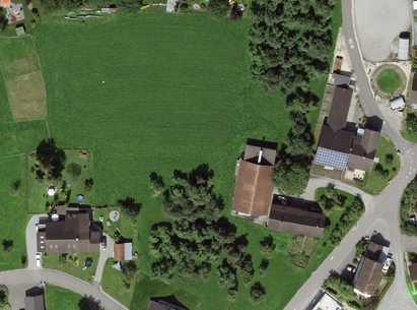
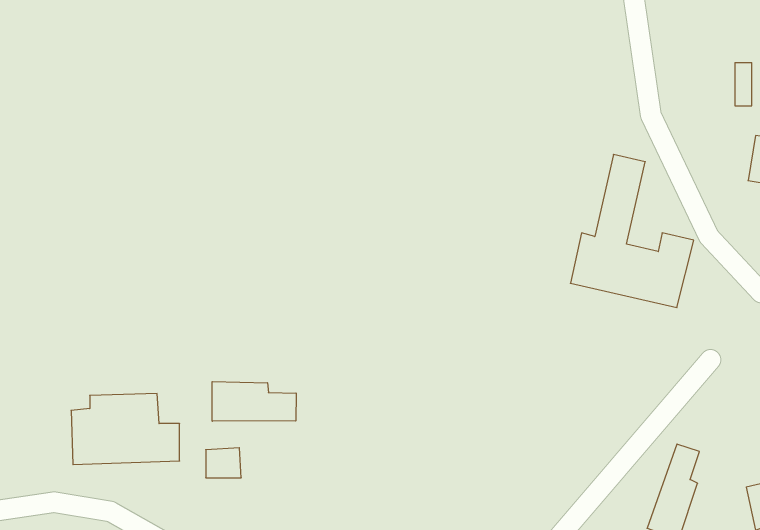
building: [233,143,324,237] -> none
building: none -> [212,382,296,421]

